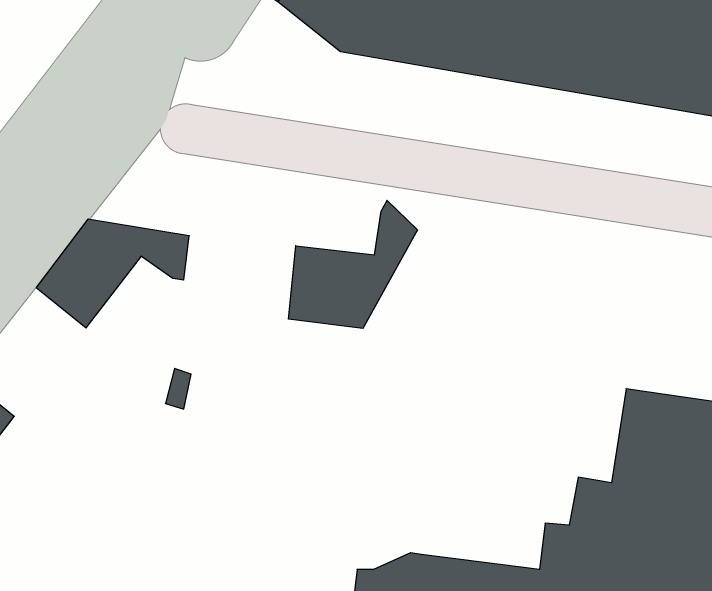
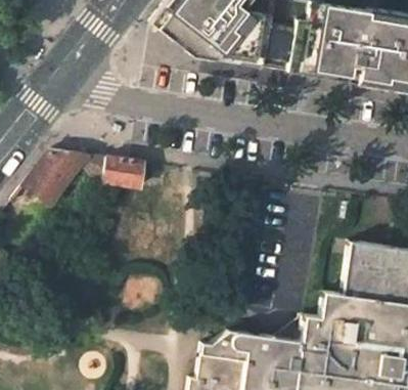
building: [289,200,418,328] -> none
building: none -> [105,157,144,185]

